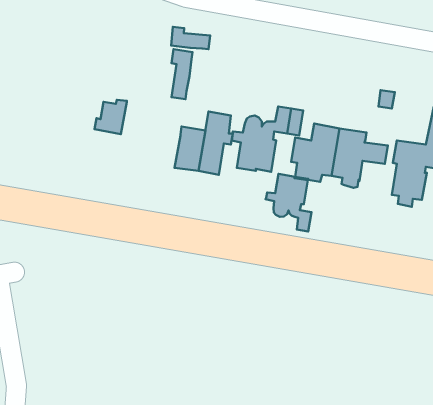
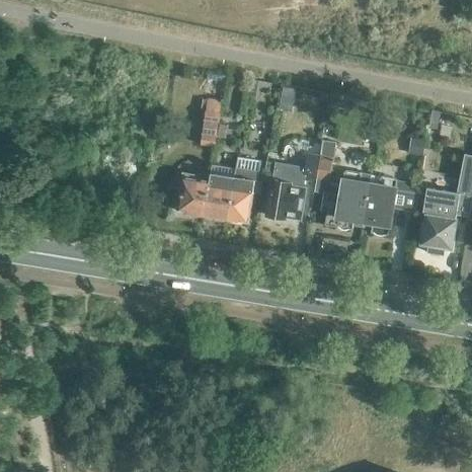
building: [171,27,210,49] -> none
building: [95,100,127,134] -> [176,181,209,216]
building: [266,174,311,232] -> none

